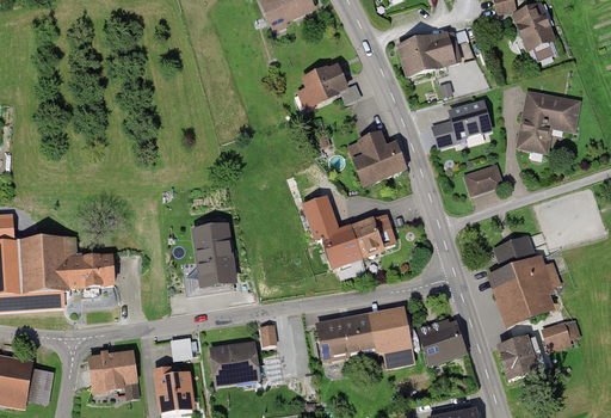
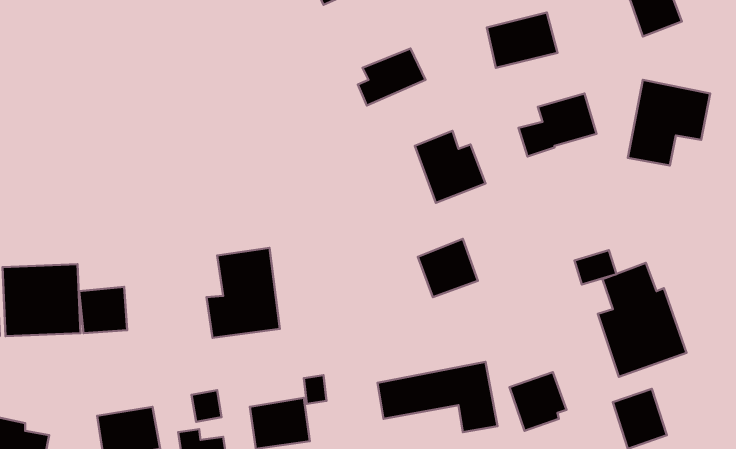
building: [465,164,499,191] -> [574,250,616,285]
building: [304,198,359,272] -> none
building: [547,318,584,346] -> none

